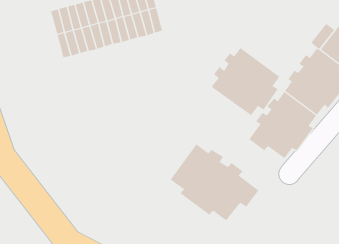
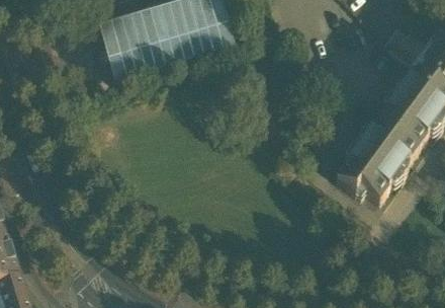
building: [211,47,280,116] -> none
building: [170,143,259,221] -> none

